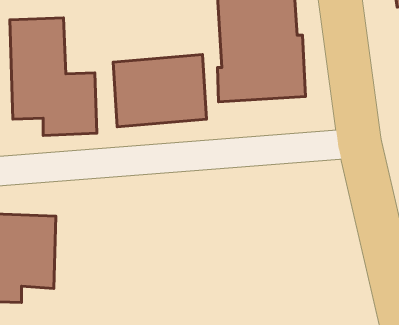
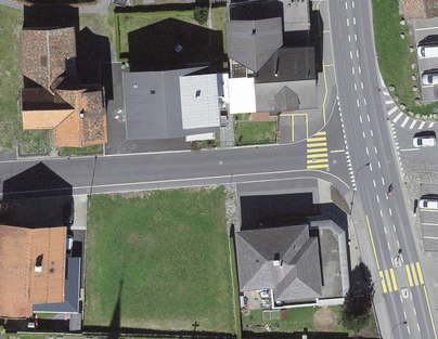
building: none -> [234,223,346,309]

